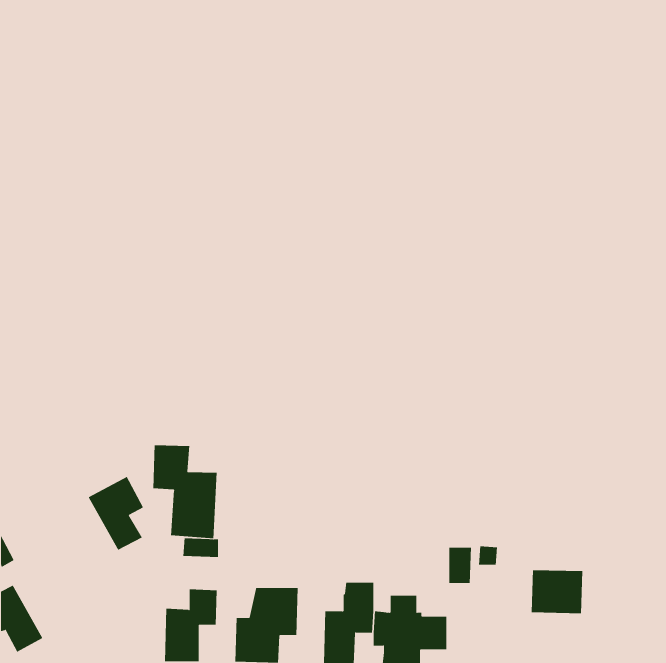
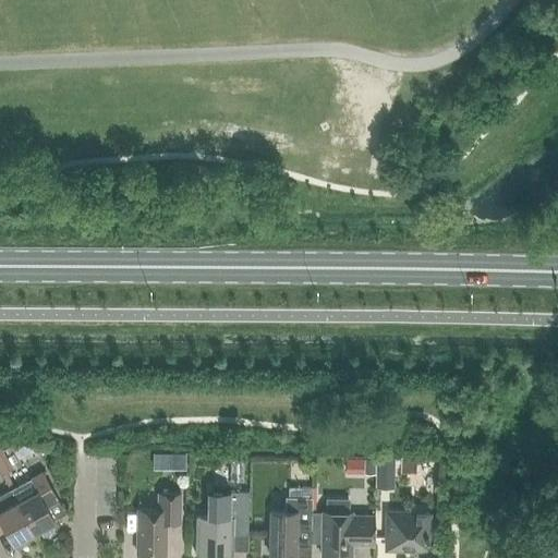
building: [153,445,217,539] -> none
building: [88,476,144,550] -> [11,474,58,536]
building: [531,570,583,614] -> [387,514,430,551]

